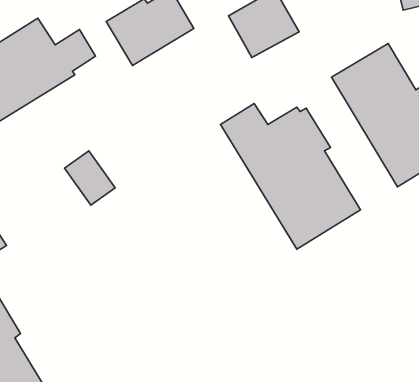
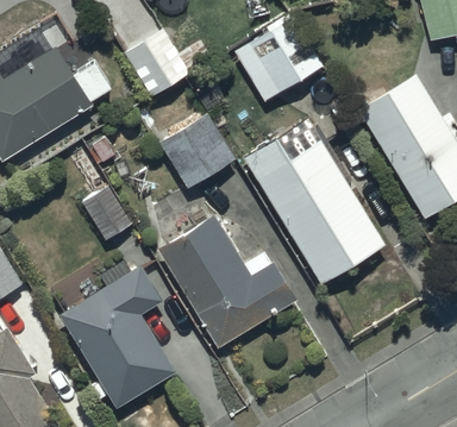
building: none -> [158,112,236,188]
building: none -> [158,216,296,347]
building: none -> [58,260,175,410]

